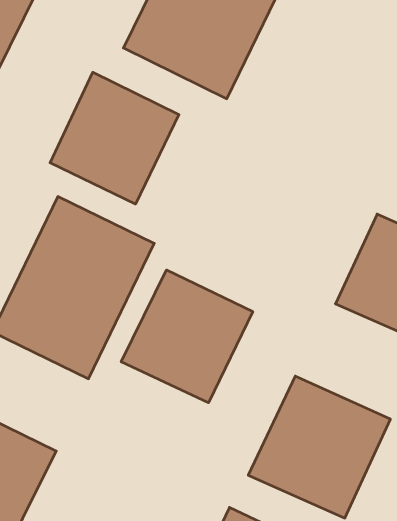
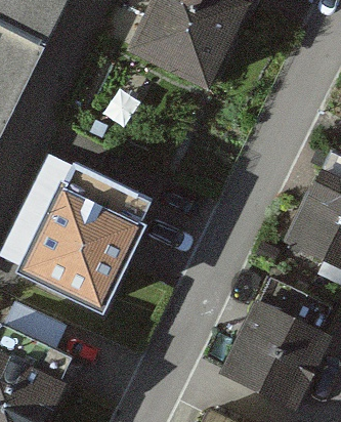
building: [50,72,179,204] -> none
building: [121,270,253,403] -> none

